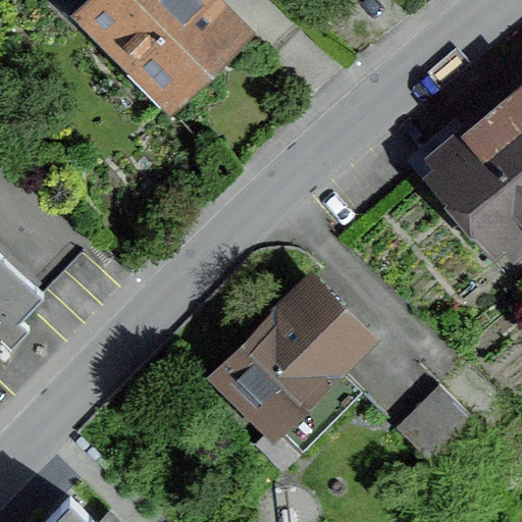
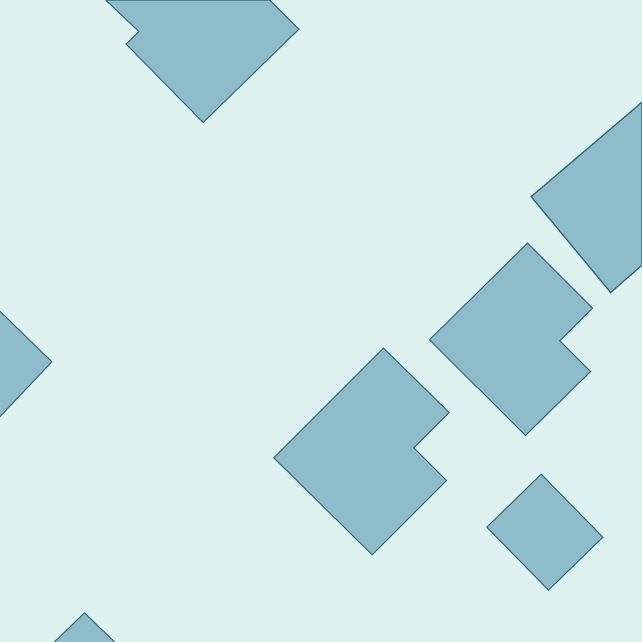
building: none -> [430,243,592,436]

